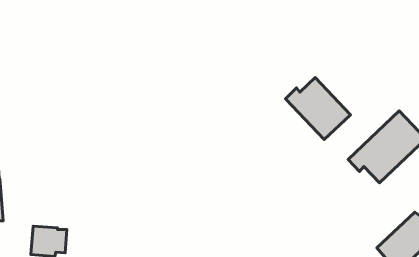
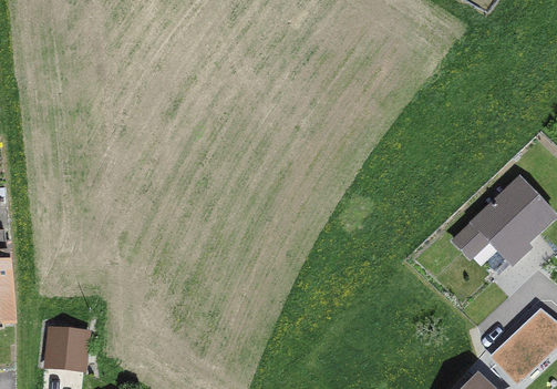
building: [285,78,351,140] -> none

